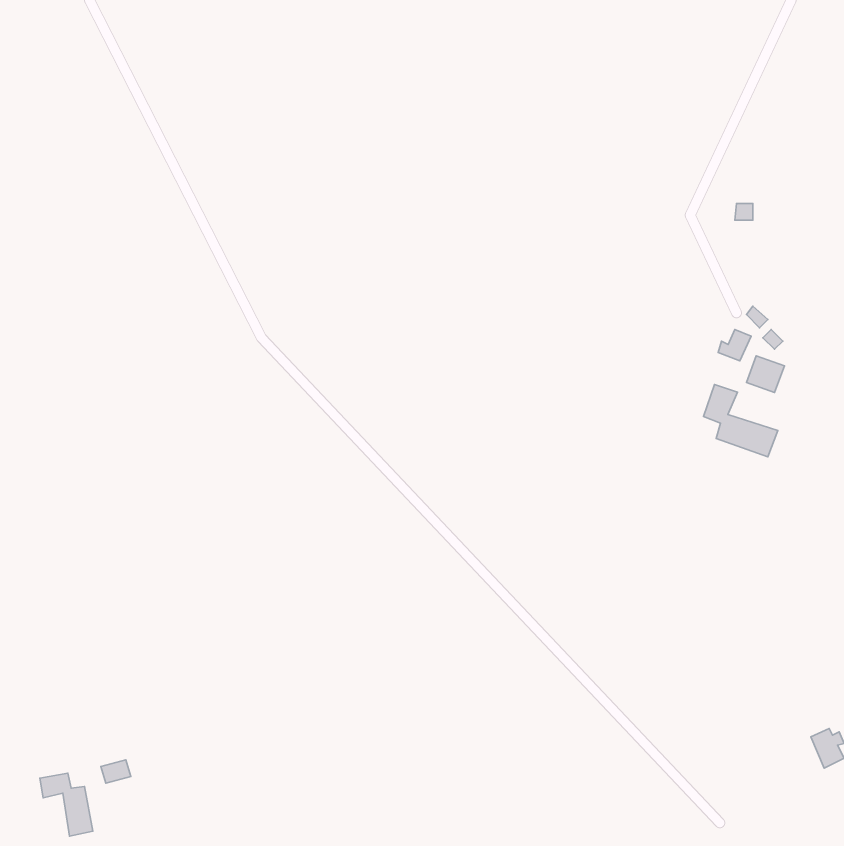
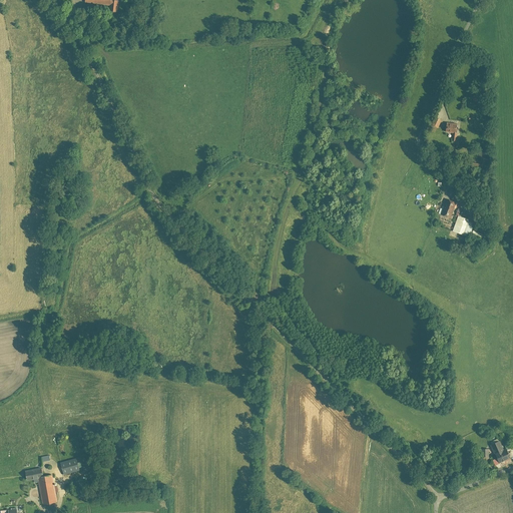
building: [703,384,778,457] -> none

